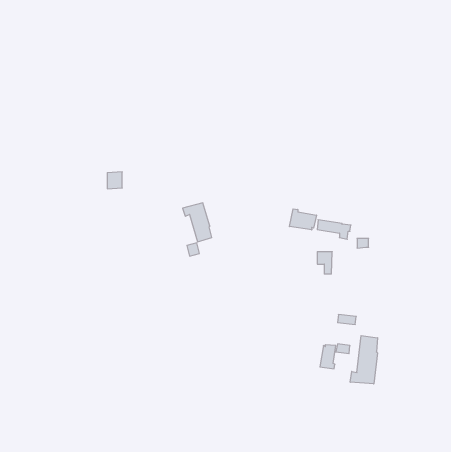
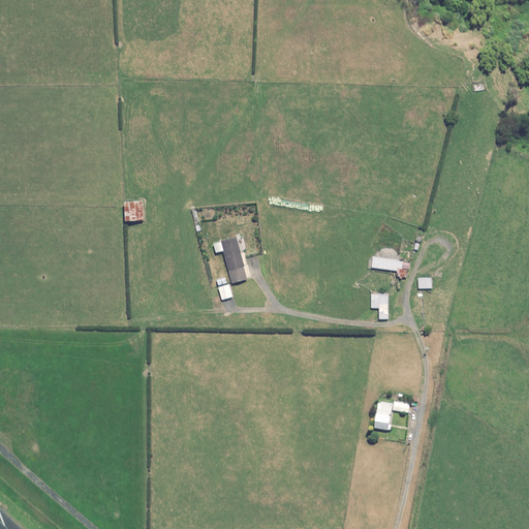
building: [289,209,316,230] -> none
building: [350,336,378,384] -> none

